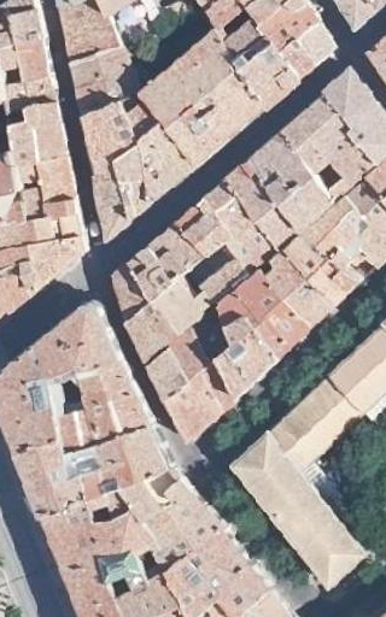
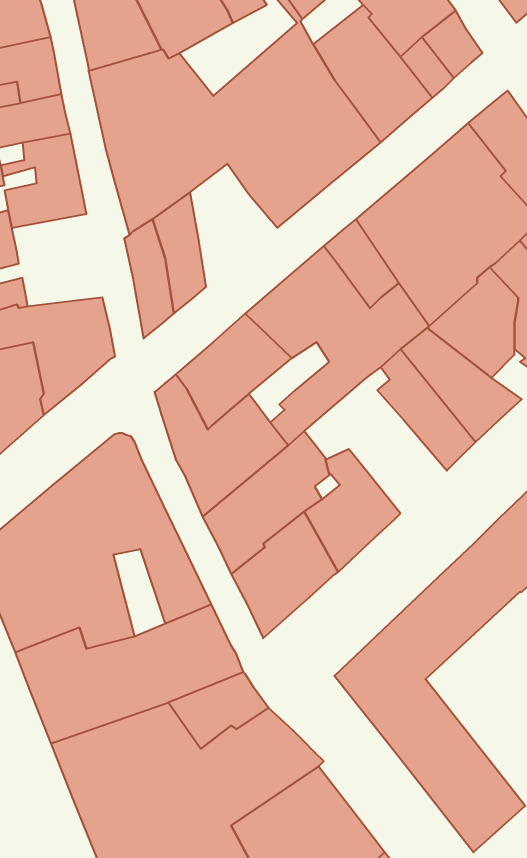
building: [135,123,194,206] -> none
building: [14,157,76,219] -> none
building: [212,268,309,359] -> none

